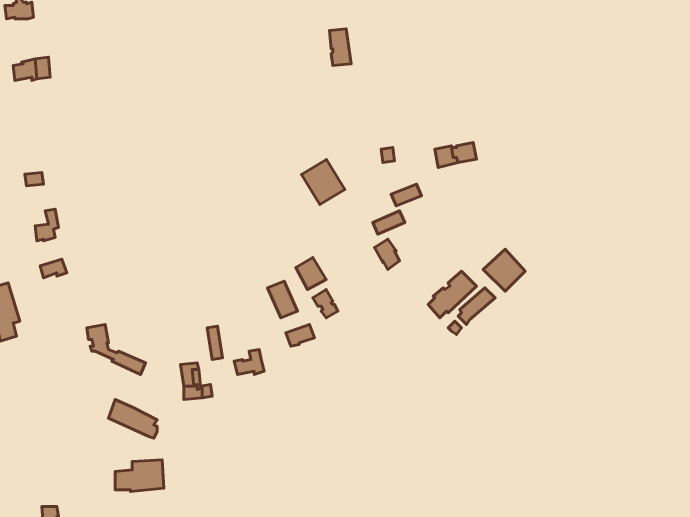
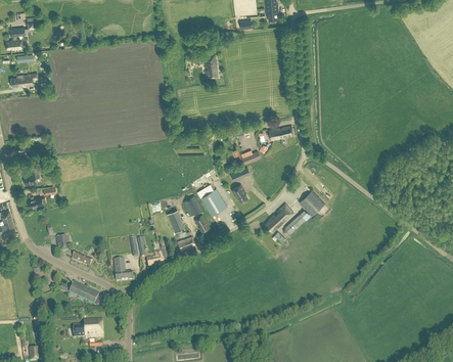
building: [301,160,345,205] -> [199,187,226,215]

